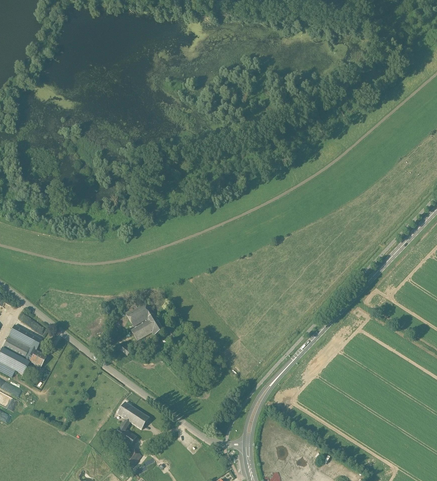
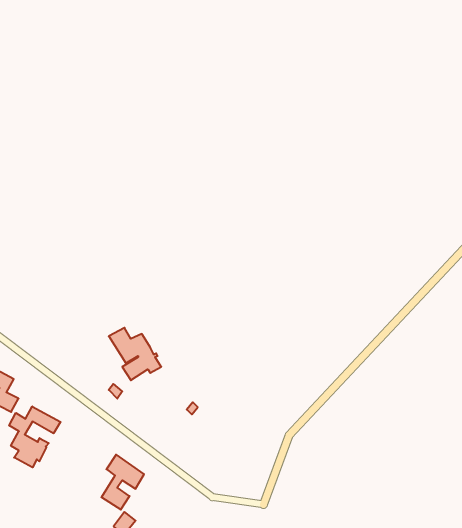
building: none -> [9,406,61,467]

